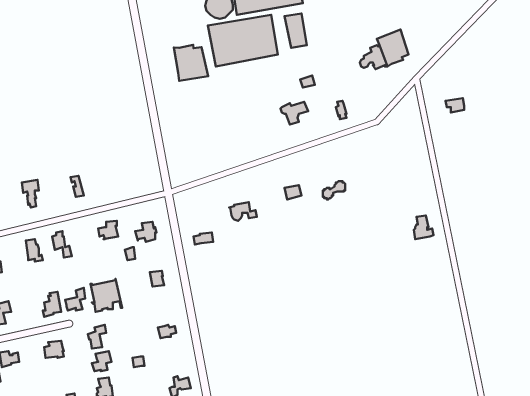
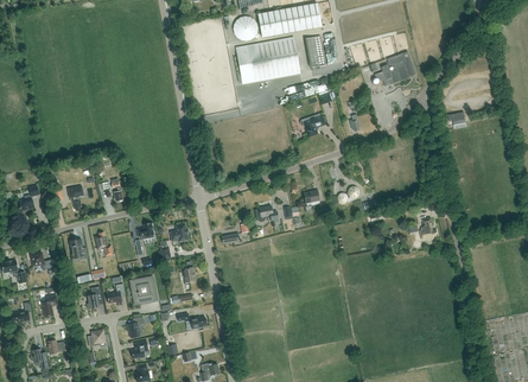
building: [174,45,208,81] -> none

